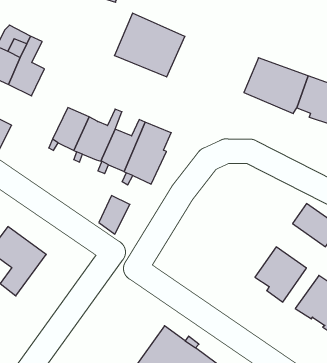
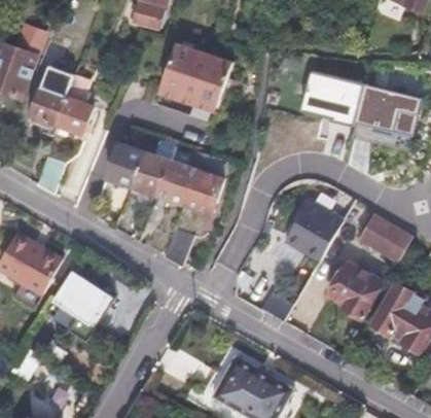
building: none -> [283,201,340,260]

